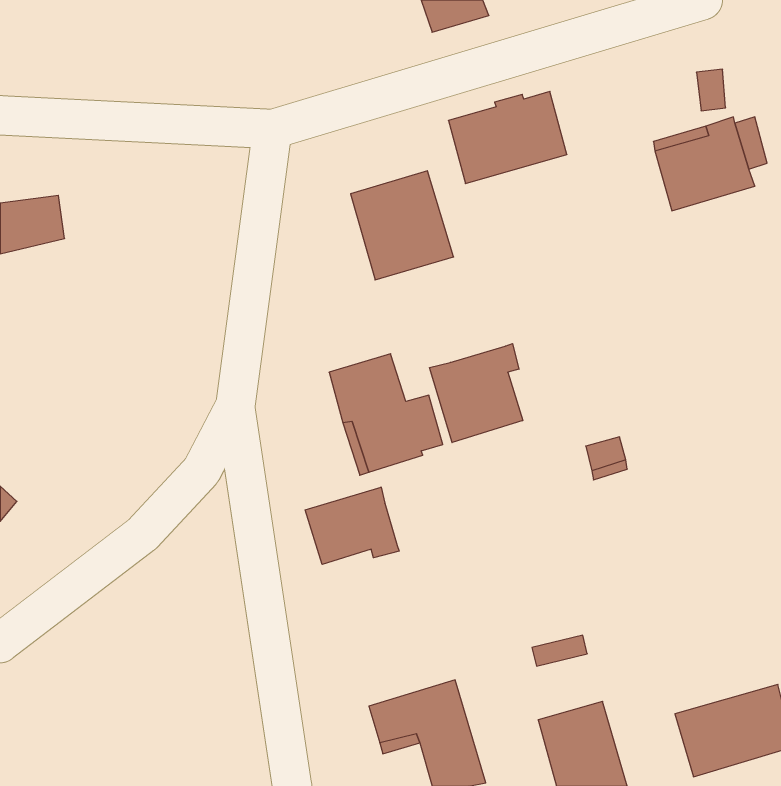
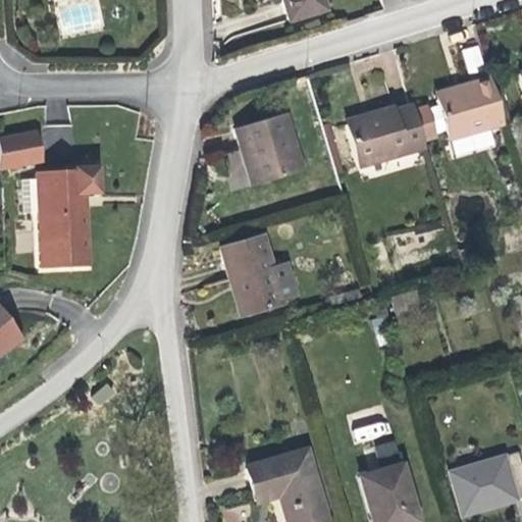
building: [448,91,567,184] -> [347,106,425,167]
building: none -> [32,160,105,261]
building: [430,344,523,443] -> none
building: [305,487,399,564] -> none

